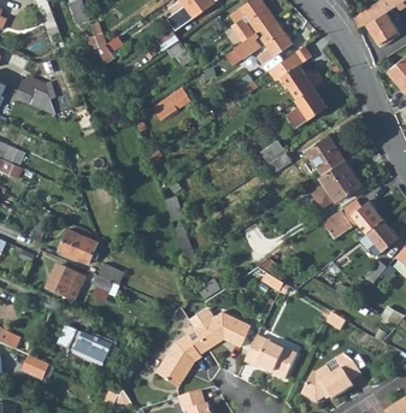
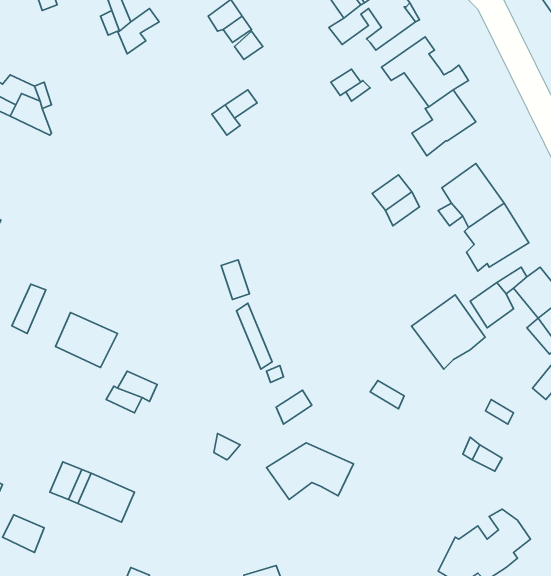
building: none -> [412,295,485,369]
building: [46,265,86,301] -> none
building: [155,325,207,385] -> none
building: [242,336,295,380] -> none

